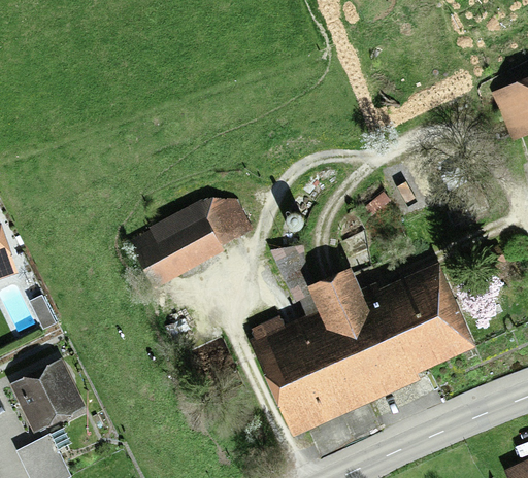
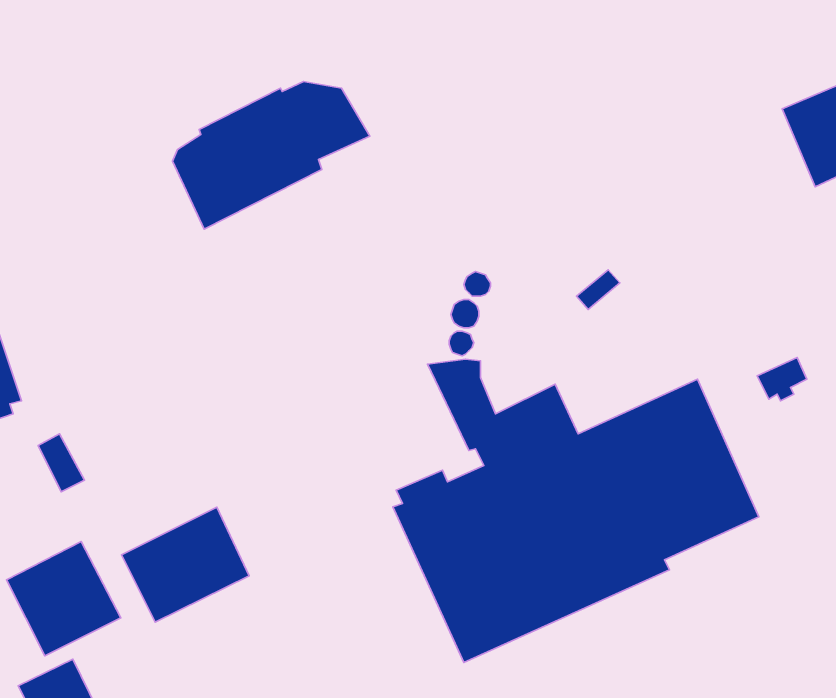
building: [132,197,255,288] -> [173,82,370,229]
building: none -> [122,507,249,622]

